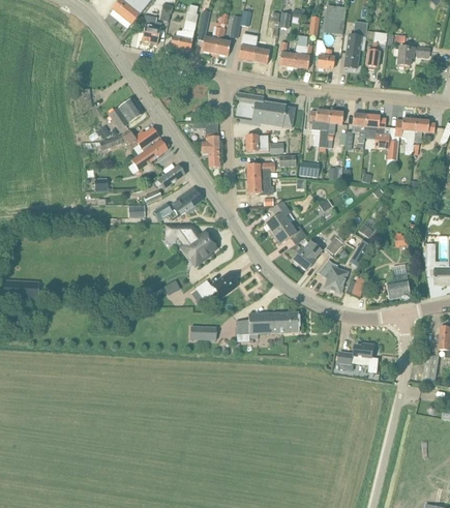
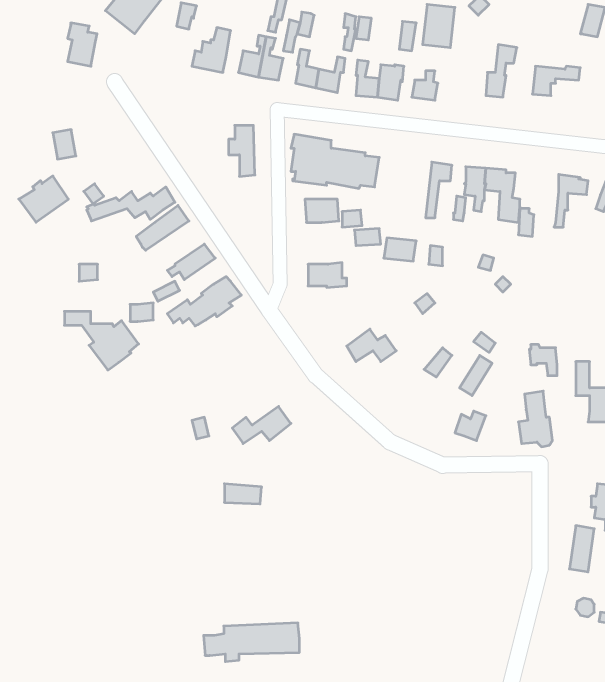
building: [142,14,161,43] -> [68,23,97,66]
building: [344,20,367,68] -> none
building: [109,97,142,128] -> [19,176,68,222]
building: [309,109,330,147] -> none
building: [395,117,415,150] -> none
building: [202,132,219,167] -> [229,125,255,176]
building: [246,161,274,178] -> none
building: [266,201,290,233] -> none
building: [167,225,216,264] -> [64,311,139,370]
building: [293,240,321,270] -> none
building: [318,259,347,293] -> none
building: [235,311,299,337] -> [204,623,299,662]
building: [338,342,379,371] -> none

